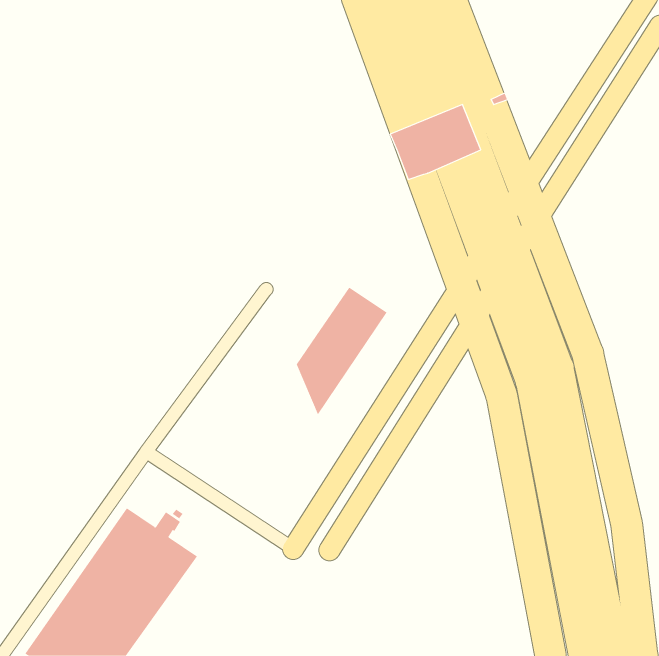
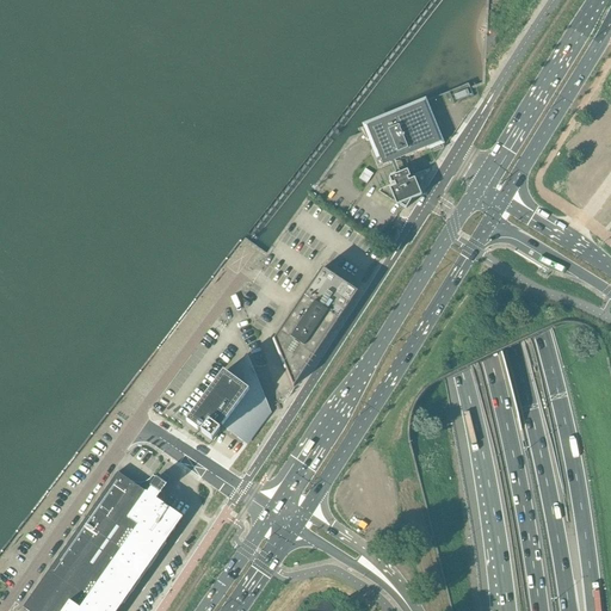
building: none -> [389,160,422,205]
building: none -> [187,360,272,442]

